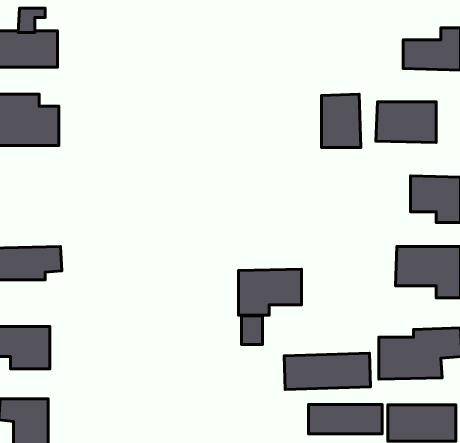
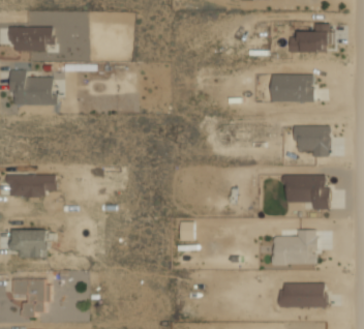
building: [321,94,361,148] -> none
building: [238,269,302,315] -> none
building: [284,353,371,390] -> none
building: [309,405,382,434] -> none

